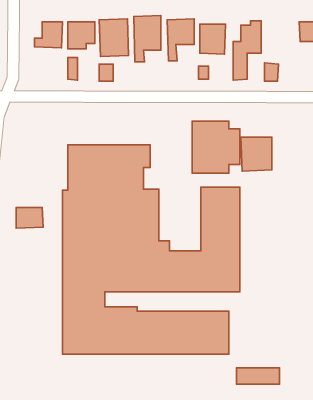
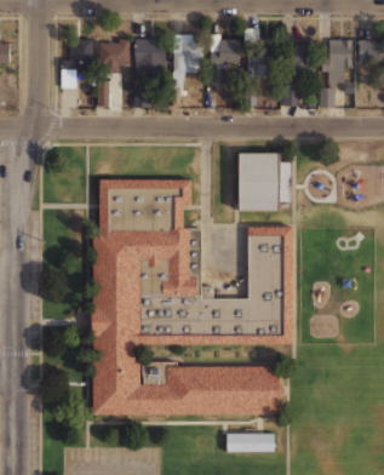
building: none -> [321,40,351,82]
building: [241,137,272,171] -> none
building: [16,207,43,228] -> none
building: [236,368,280,384] -> [225,434,274,452]

